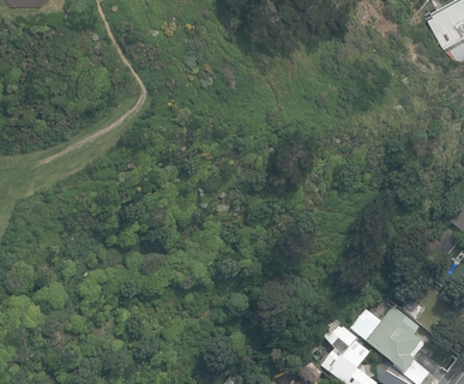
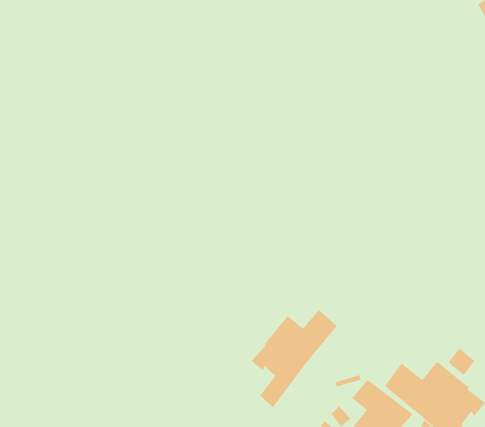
building: none -> [251,309,337,408]

